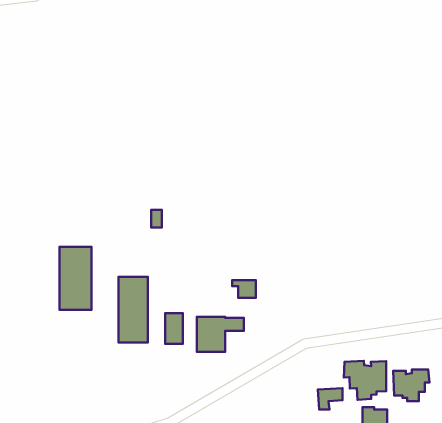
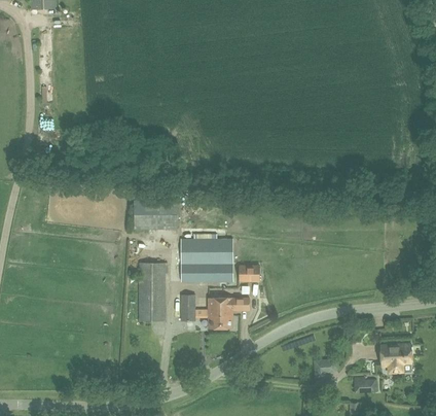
building: [60,247,92,310] -> none
building: none -> [181,239,232,281]
building: [344,361,386,400] -> none

